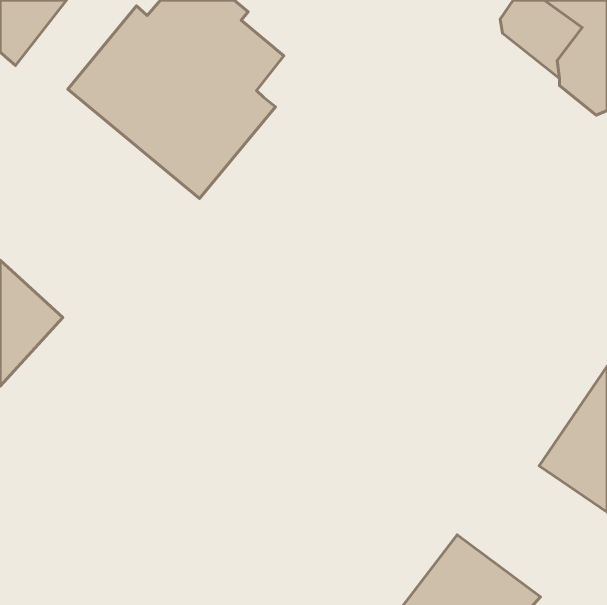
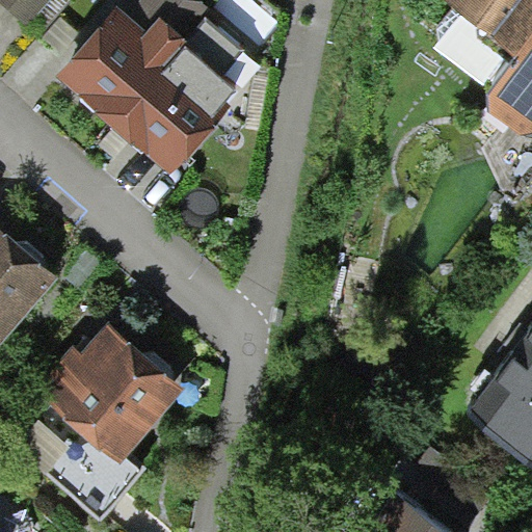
building: none -> [43,328,181,467]

